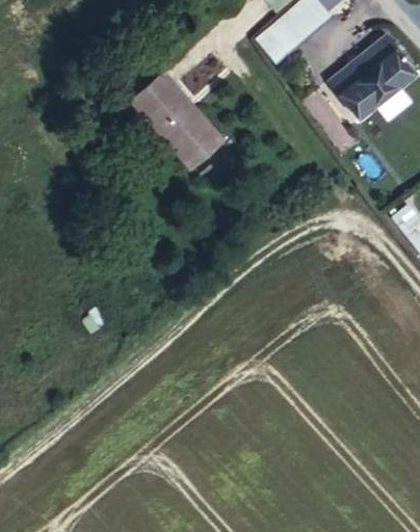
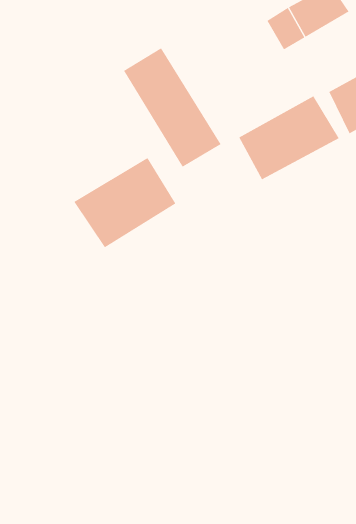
building: none -> [238,96,340,180]
building: none -> [74,157,176,248]

